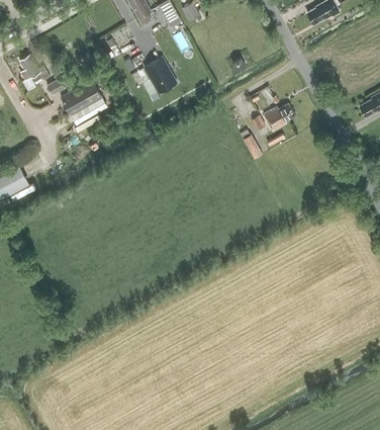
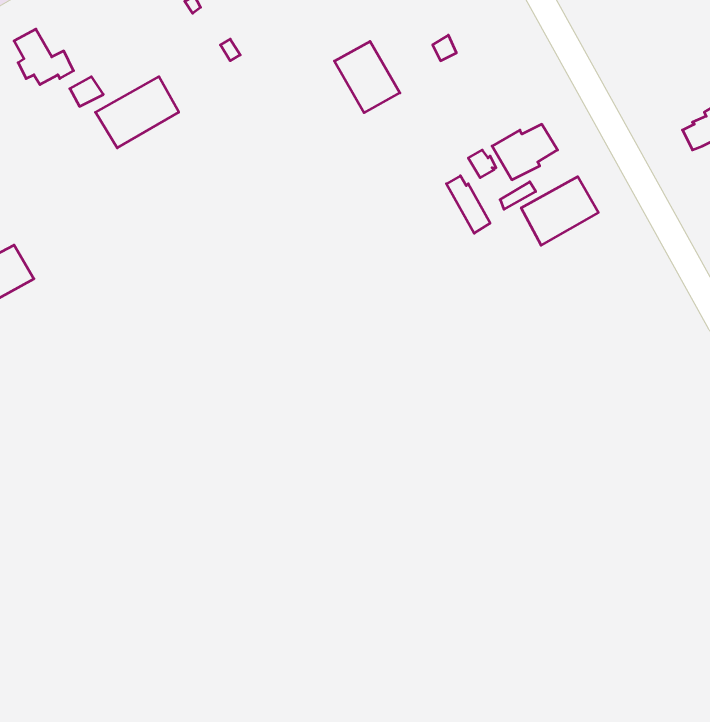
building: [144,57,177,93] -> [334,41,400,113]
building: none -> [521,177,598,245]

